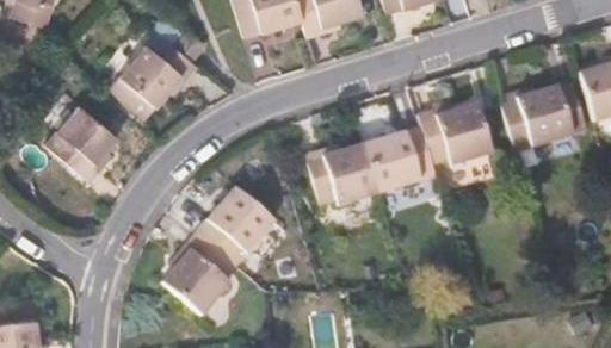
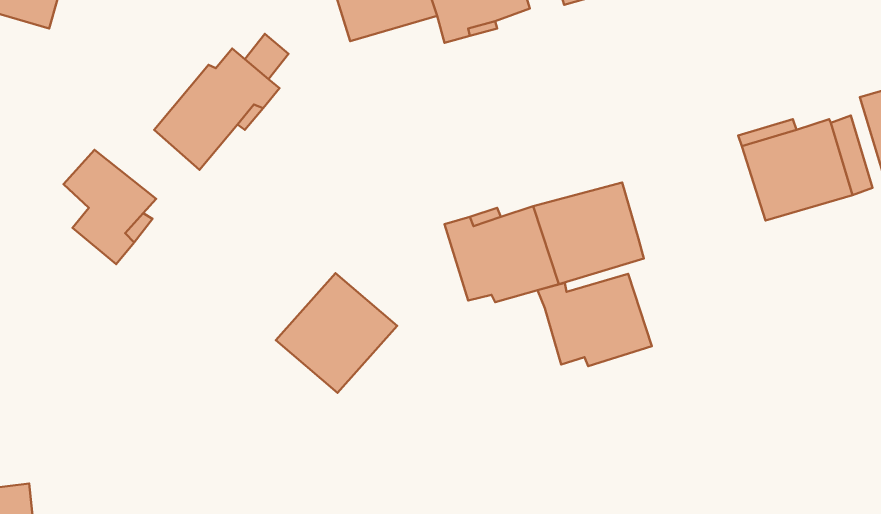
building: [419,105,494,166] -> [537,274,652,366]
building: [161,231,236,315] -> none

